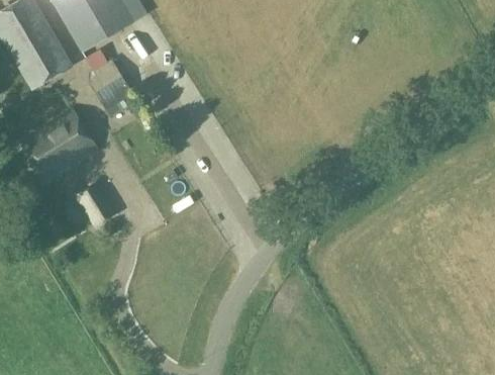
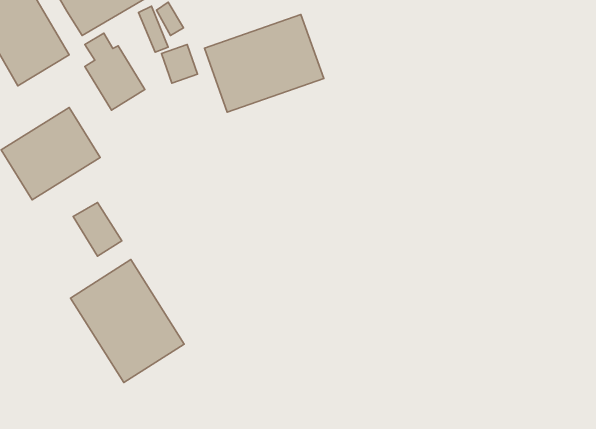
building: none -> [204,14,324,112]
building: none -> [70,260,184,383]

